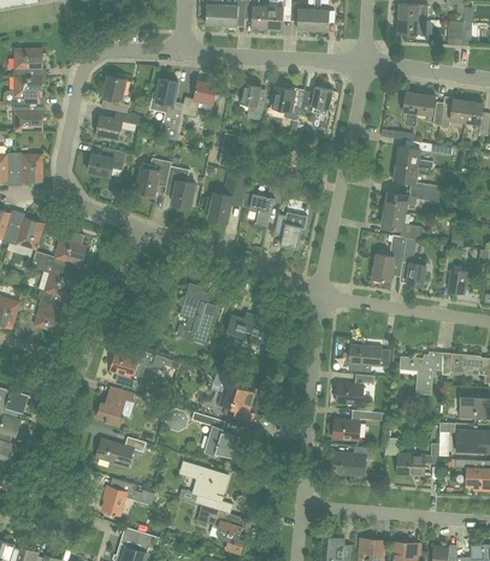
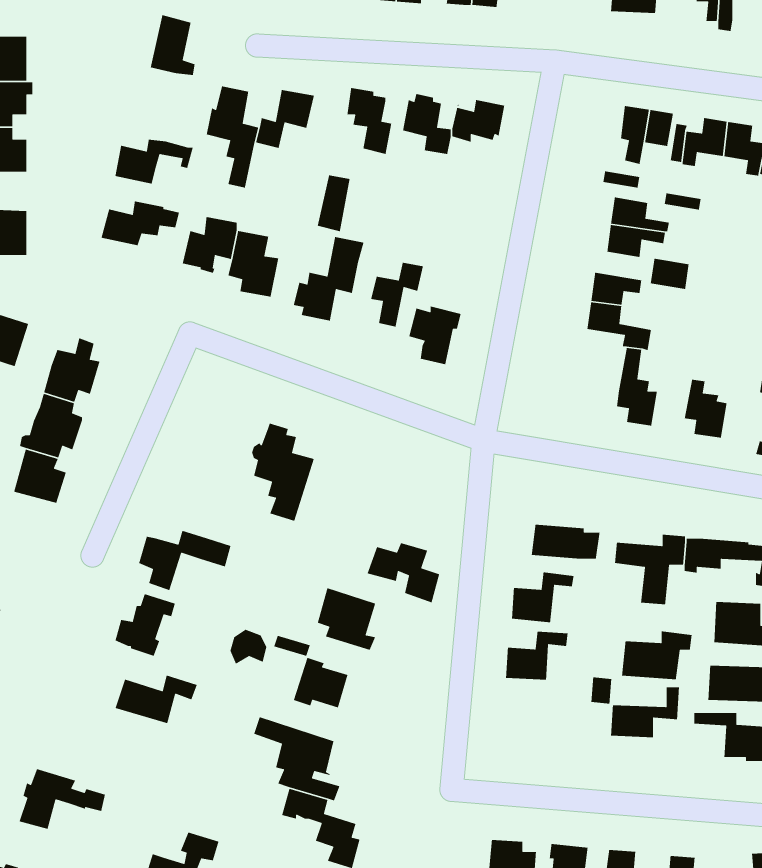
building: [100,75,128,112] -> [150,14,195,76]
building: [371,235,406,280] -> none
building: [225,312,270,349] -> [367,542,440,604]
building: [329,445,372,476] -> [621,631,692,680]
building: [101,477,154,514] -> [19,768,106,830]

